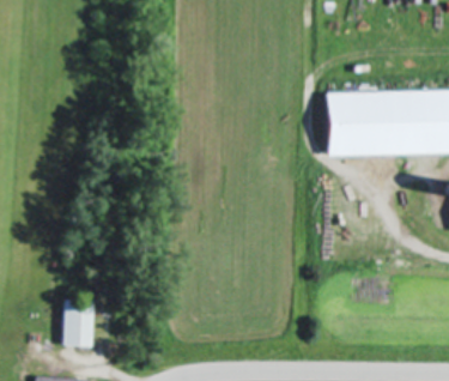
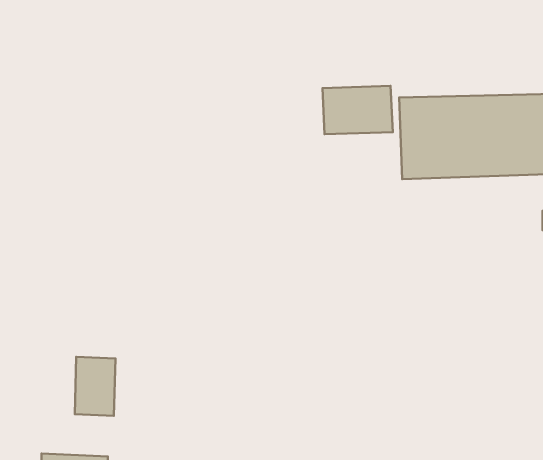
building: none -> [322,86,393,134]

